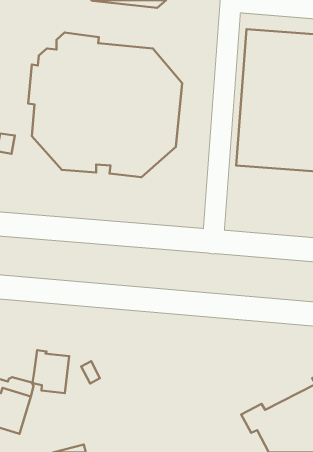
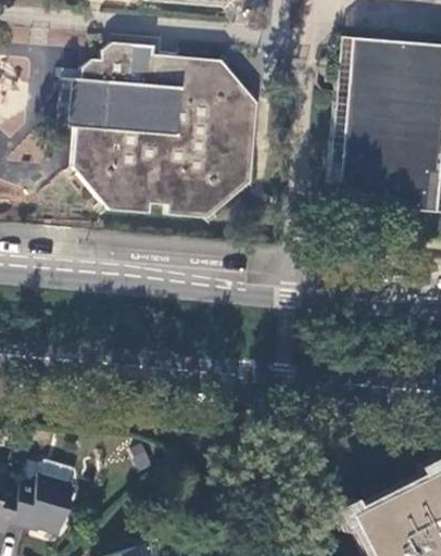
building: [33,350,69,393] -> none

